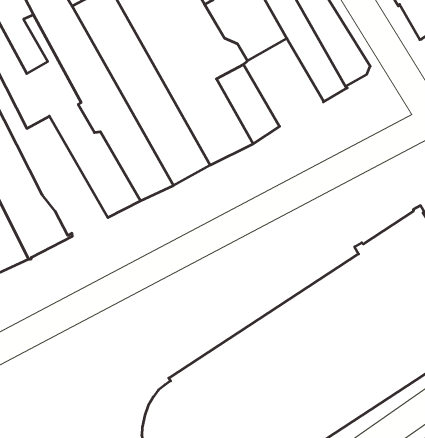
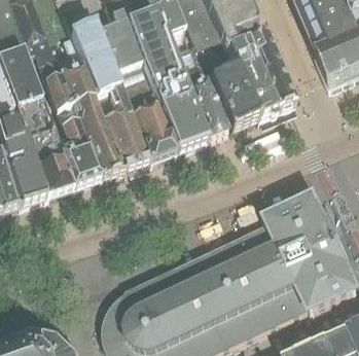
building: none -> [211,71,258,129]
building: none -> [56,101,102,184]

